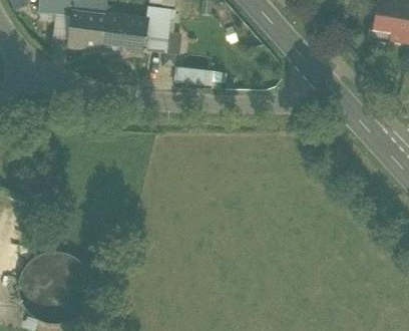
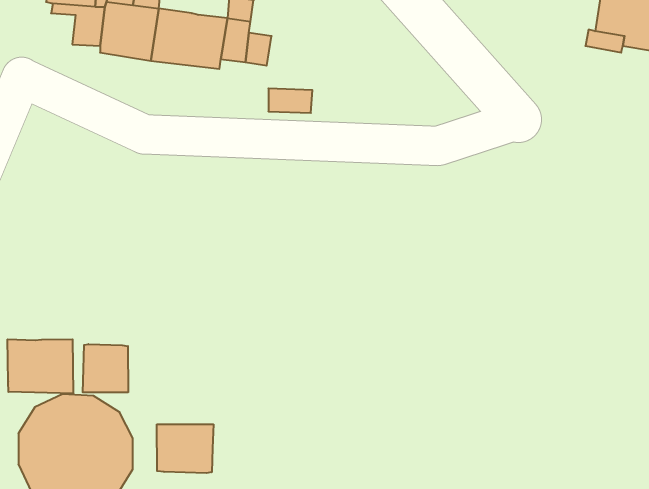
building: none -> [8,339,73,394]
building: none -> [83,344,128,392]
building: none -> [157,424,213,473]

